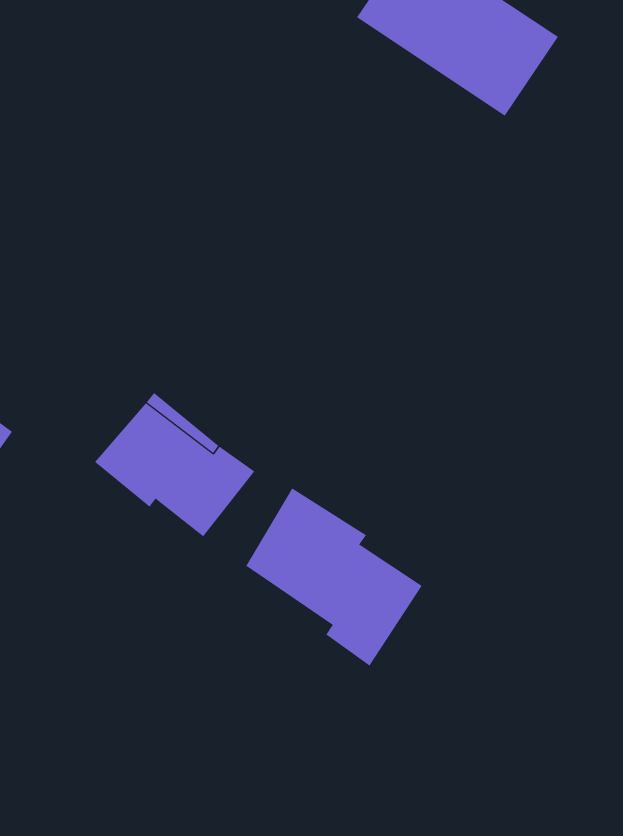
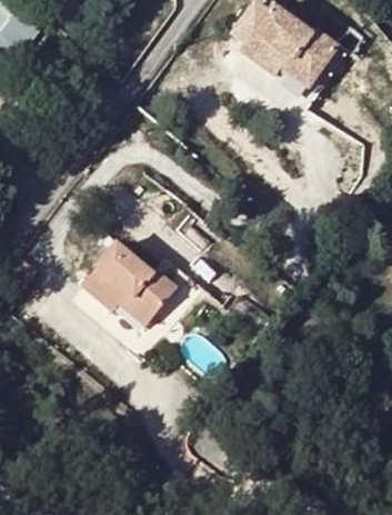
building: [246,487,423,666] -> none

